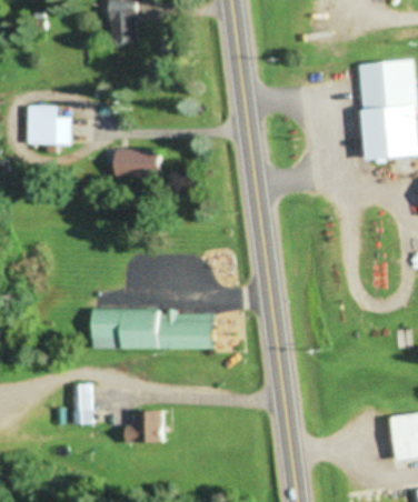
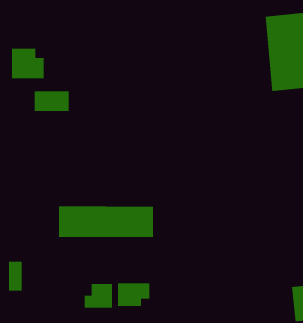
building: [116,149,162,175] -> [34,91,70,111]
building: [68,384,87,423] -> [8,261,23,291]
building: none -> [118,282,150,307]

